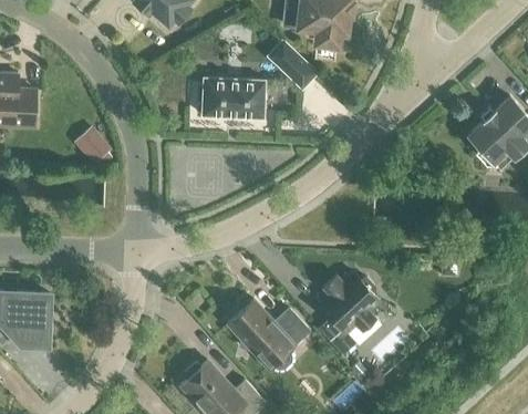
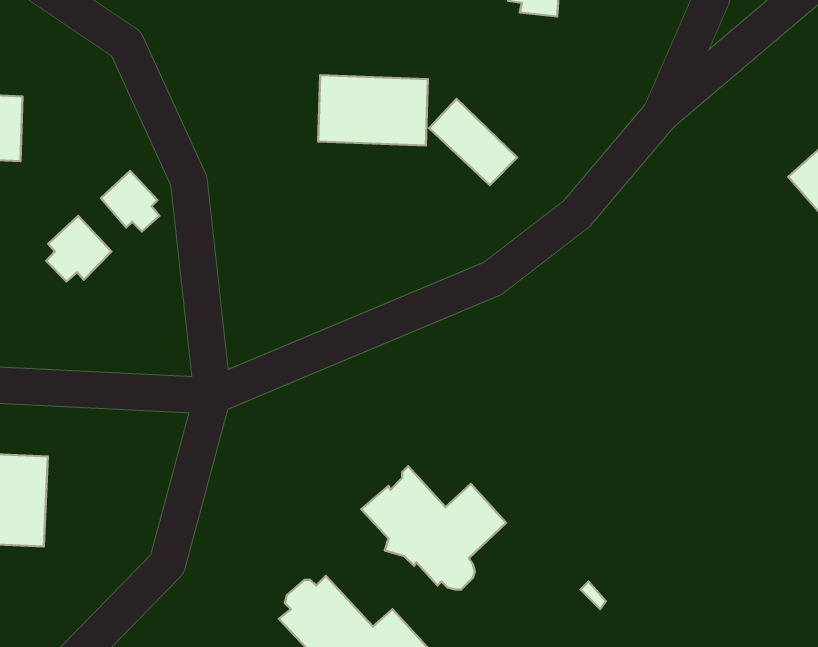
building: [267,40,317,89] -> [429,99,517,185]
building: none -> [46,216,111,281]
building: [318,272,380,354] -> none

